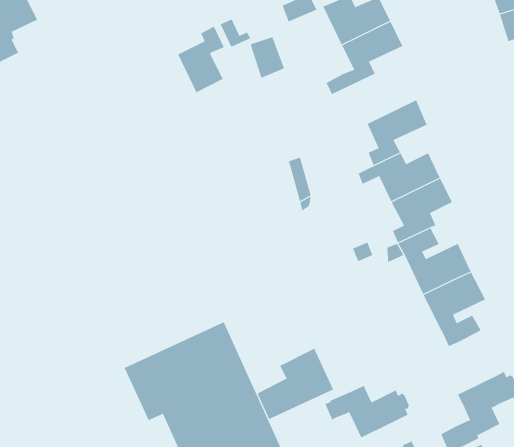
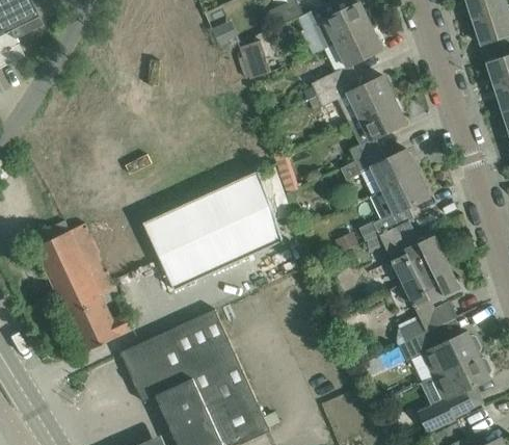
building: [178,26,225,93] -> none
building: none -> [316,76,396,123]
building: none -> [143,172,280,290]
building: none -> [35,224,132,352]
building: [257,348,334,420] -> none
building: [324,385,409,438] -> [400,328,480,377]

